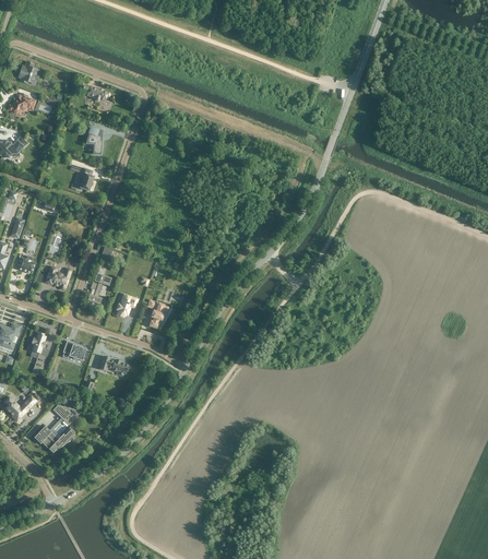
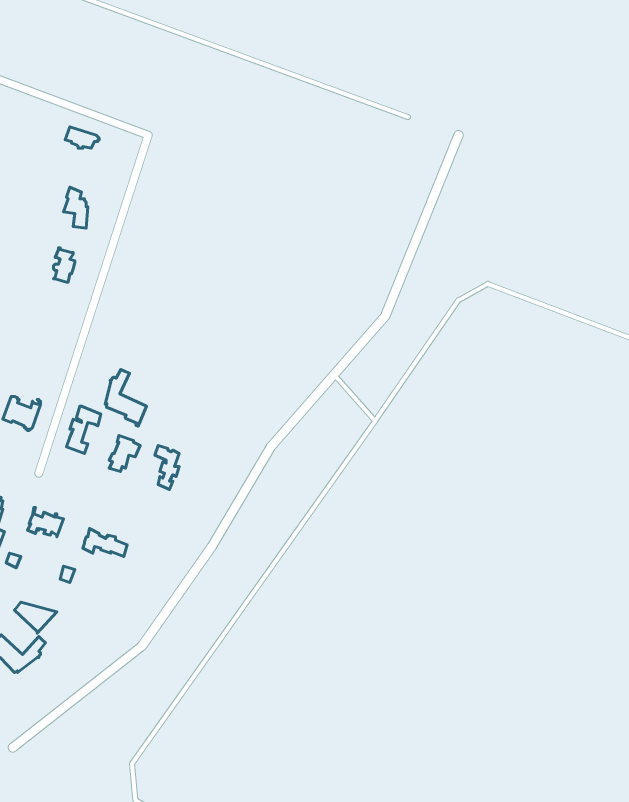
building: none -> [105,370,146,426]

